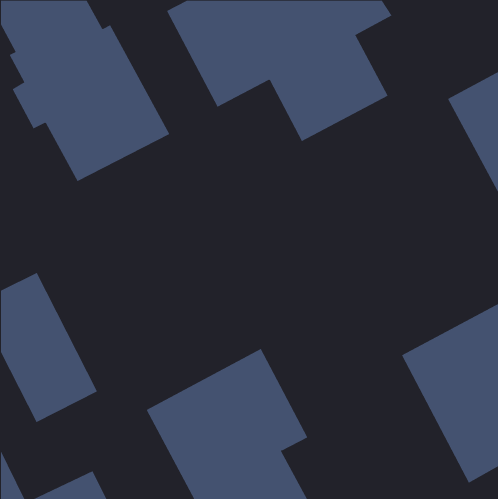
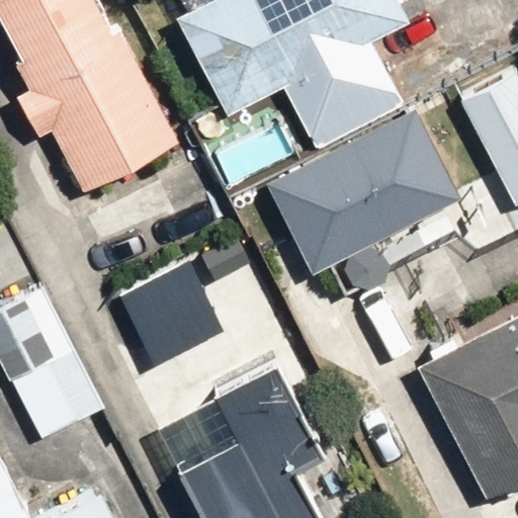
building: none -> [269,113,461,276]
building: none -> [116,256,223,363]

